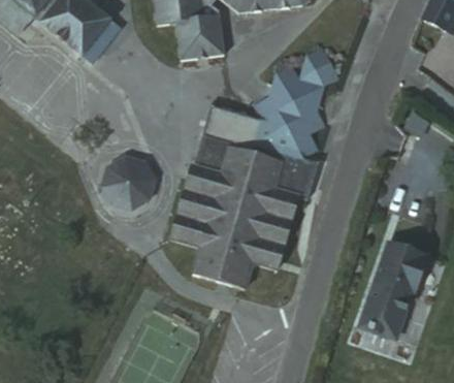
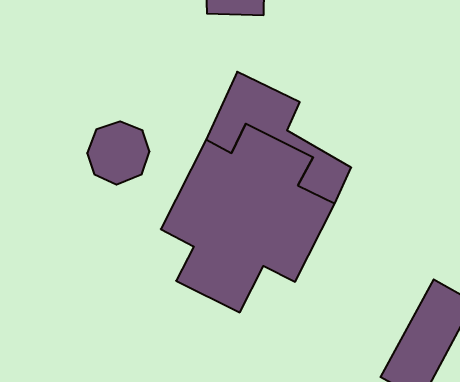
building: [257,46,338,155] -> none

